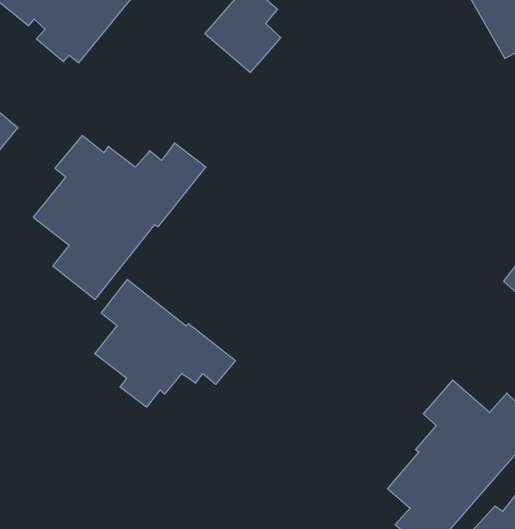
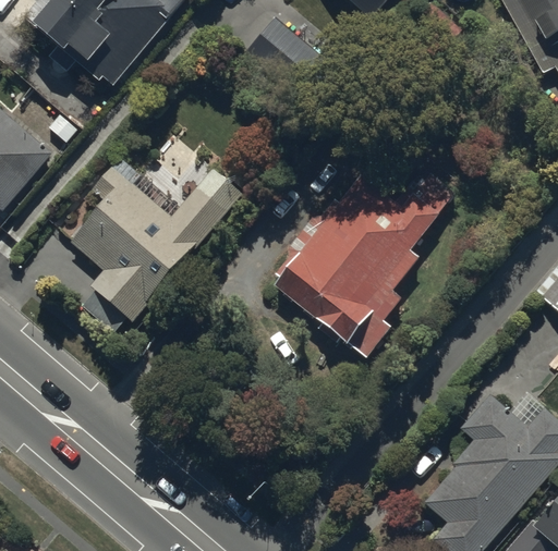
building: none -> [271,170,454,359]
building: [95,280,235,407] -> none

